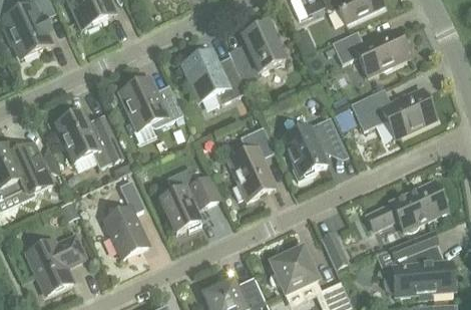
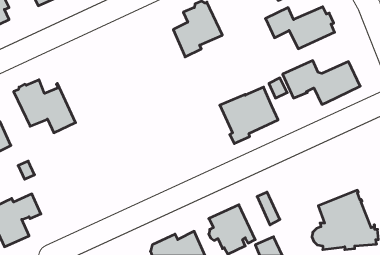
building: [172,50,246,103] -> none
building: [119,78,181,128] -> none
building: [226,125,275,200] -> none
building: [159,167,217,233] -> none
building: [103,180,147,258] -> none
building: [366,182,446,231] -> none

